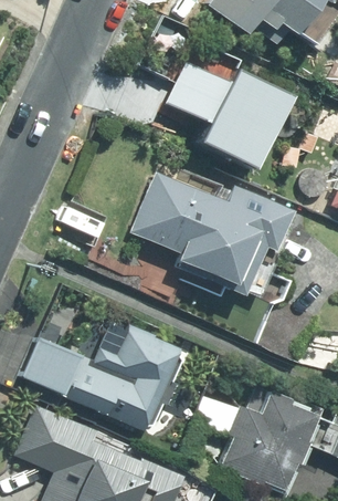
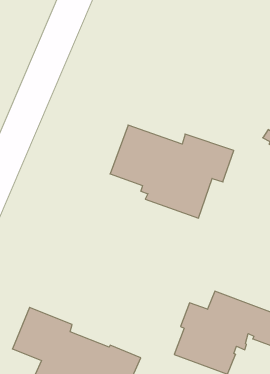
building: [166,61,287,163] -> none
building: [24,326,182,428] -> none

